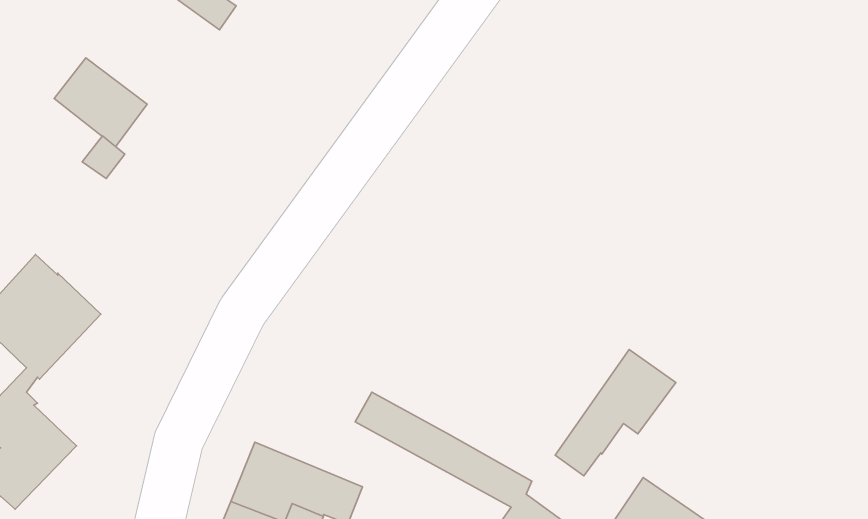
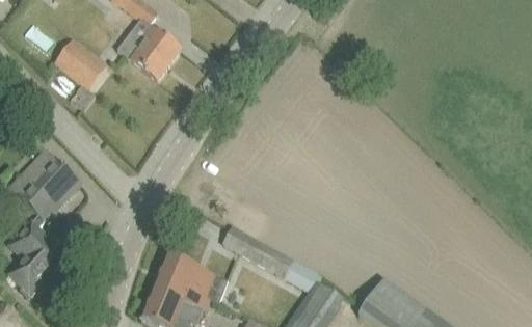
building: none -> [117,28,181,81]
building: [555,350,676,476] -> none

